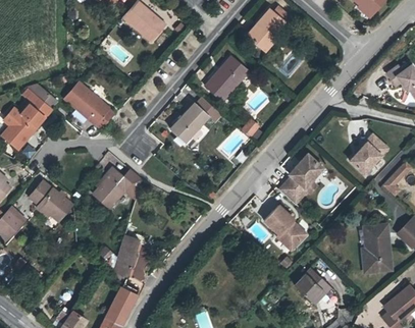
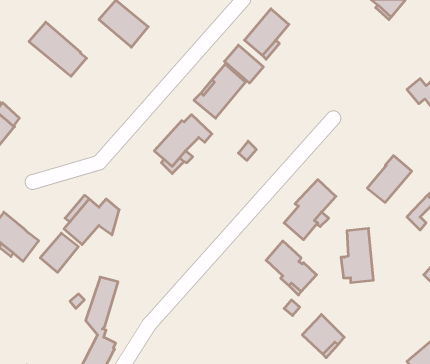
building: none -> [224,45,263,83]
building: [64,83,113,128] -> [29,22,87,76]
building: none -> [40,233,78,272]
building: [364,224,392,270] -> [341,228,373,283]

